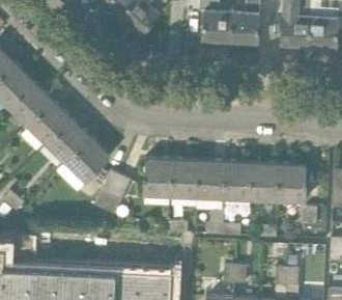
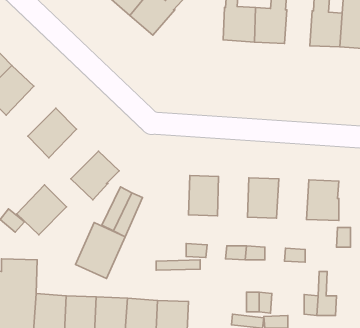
building: [7,81,52,126] -> none
building: [46,119,90,164] -> [17,185,66,235]
building: [142,160,172,196] -> none
building: [197,162,225,198] -> none
building: [250,164,279,200] -> none
building: none -> [75,223,125,279]

